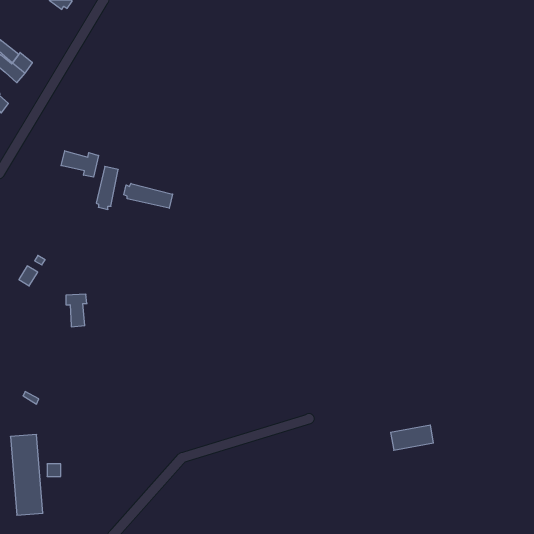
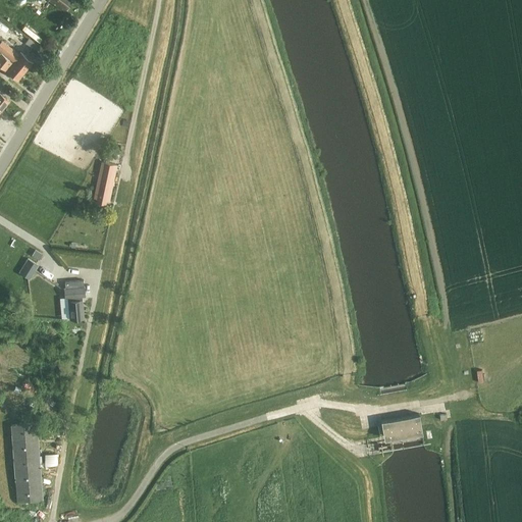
building: [61,151,99,177] -> none
building: [124,183,173,208] -> none

